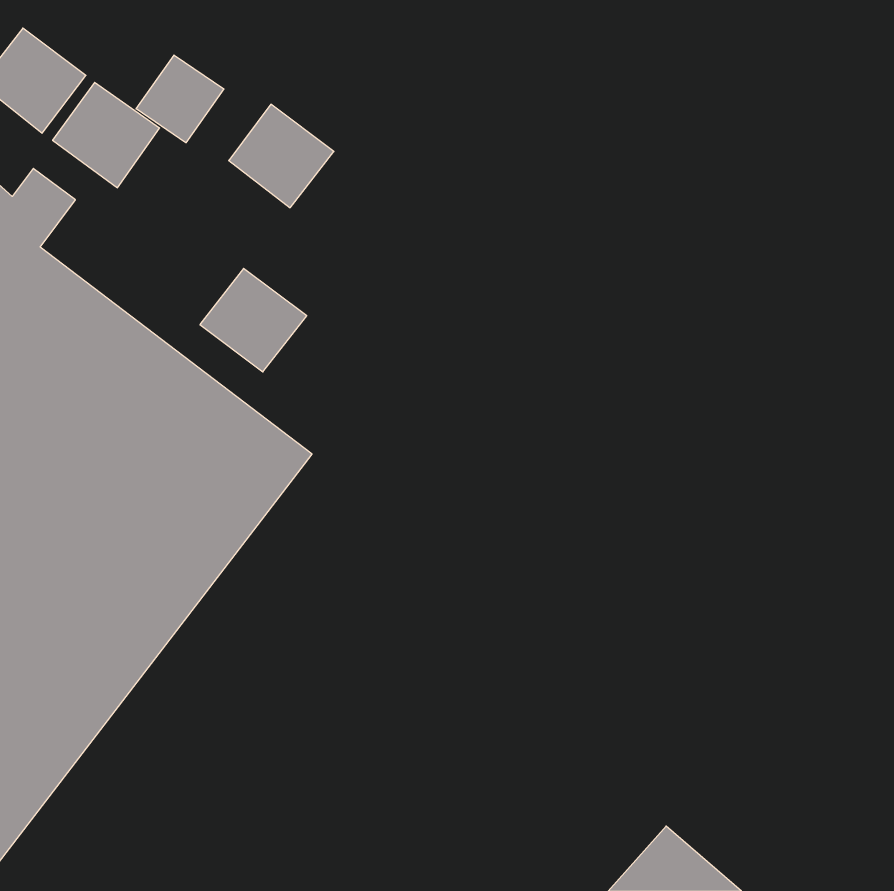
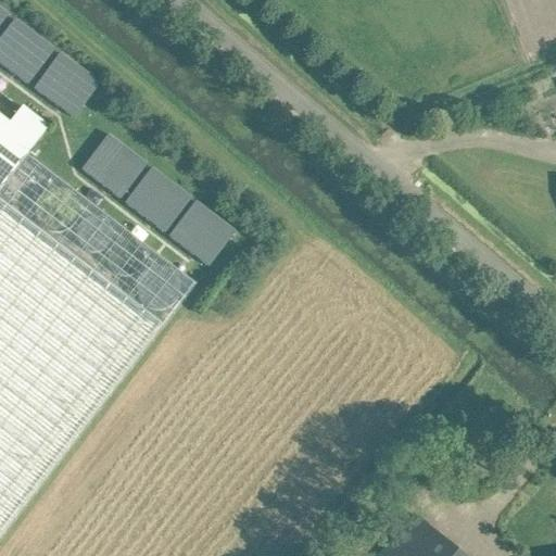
building: [136,55,224,143] -> none
building: [229,104,334,208] -> [80,132,146,197]
building: none -> [167,200,233,264]

